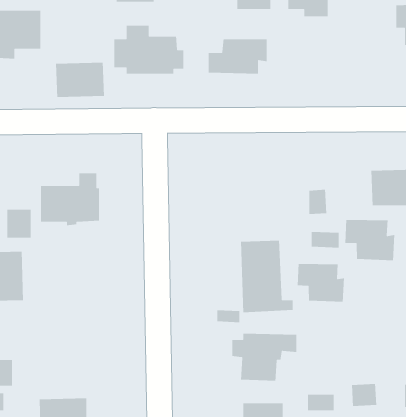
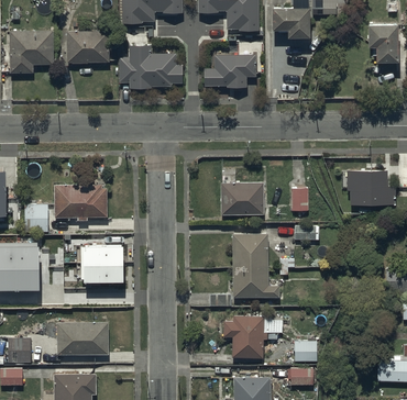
building: [55,62,105,98] -> [66,31,110,63]
building: none -> [221,182,263,215]
building: [344,219,395,261] -> none
building: none -> [84,244,123,280]
building: [297,263,345,303] -> none
building: none -> [56,323,108,355]
building: [351,383,377,407] -> [294,341,317,362]

